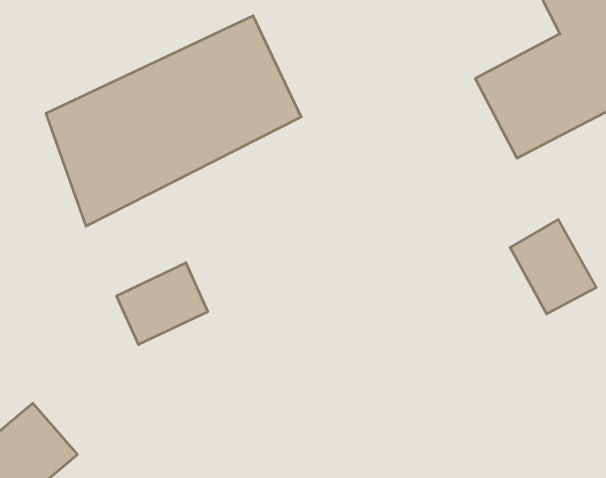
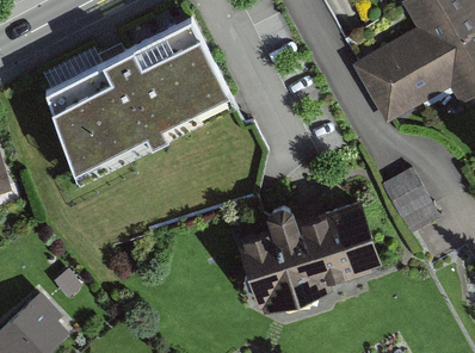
building: [117,263,208,345] -> none
building: none -> [229,200,375,314]

